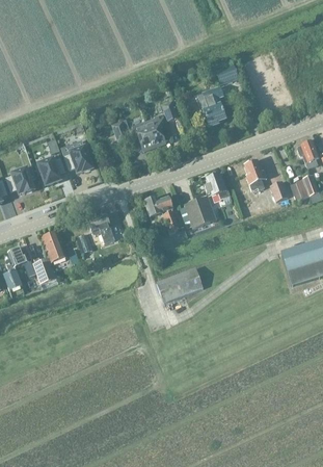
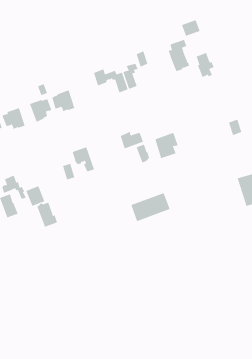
building: [244,160,266,190] -> [196,52,215,78]
building: [204,174,232,203] -> none
building: [42,232,66,262] -> [36,202,58,228]

